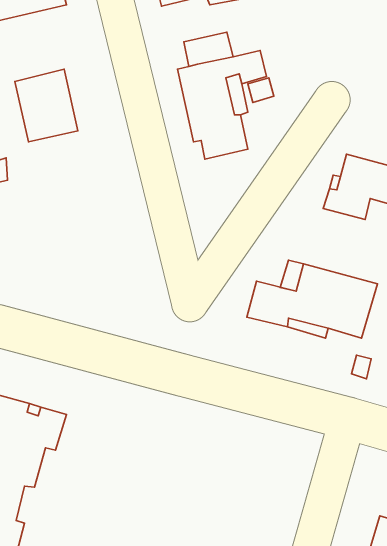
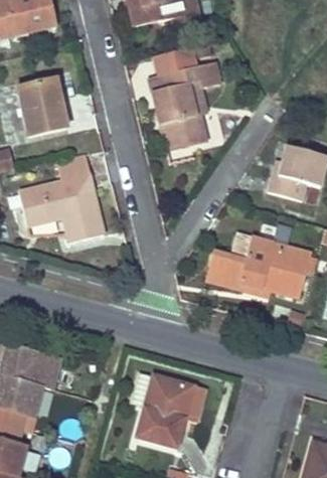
building: none -> [19,173,105,243]
building: none -> [131,373,194,447]

